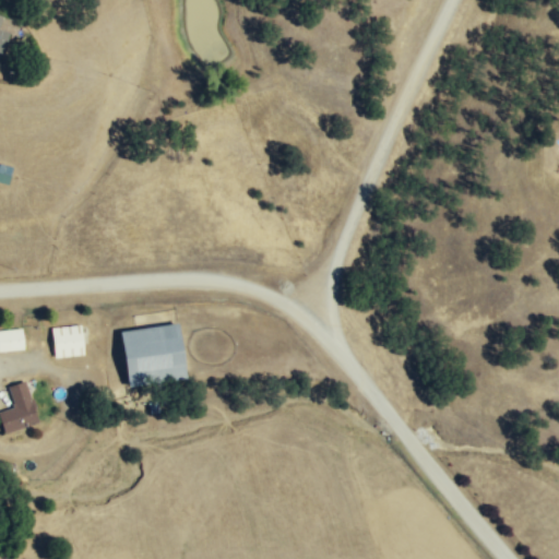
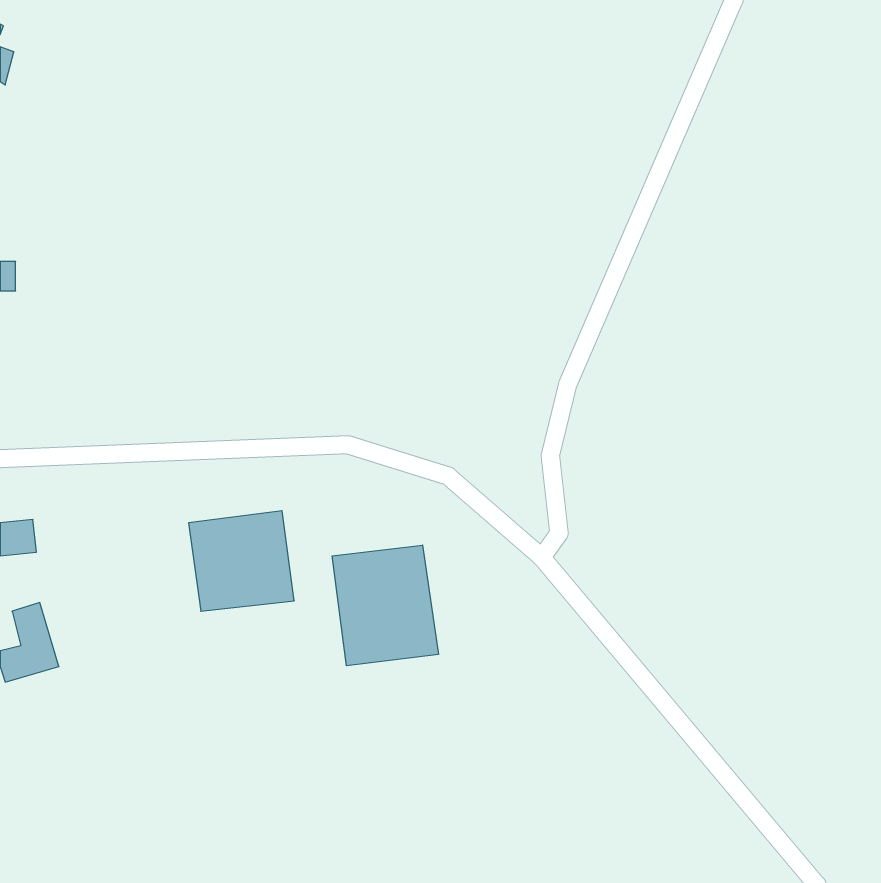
building: [52,325,85,358] -> none
building: none -> [332,545,438,666]

